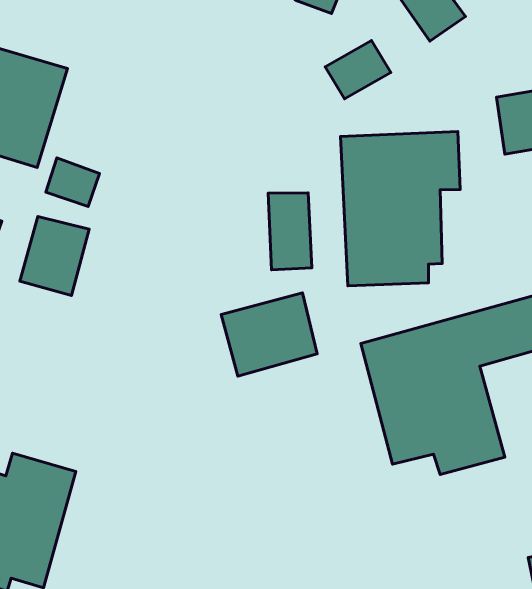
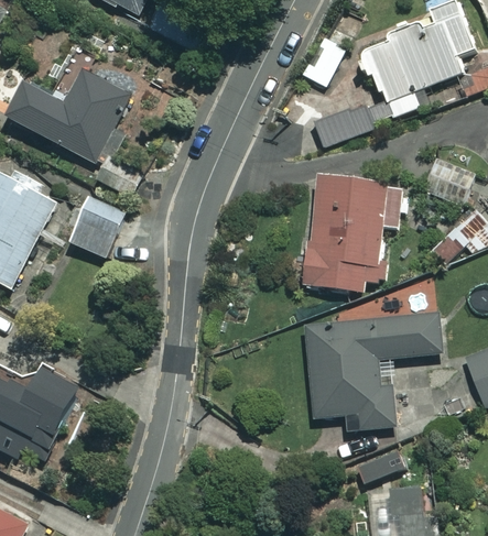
building: [268,193,312,270] -> none
building: [221,293,317,376] -> none

